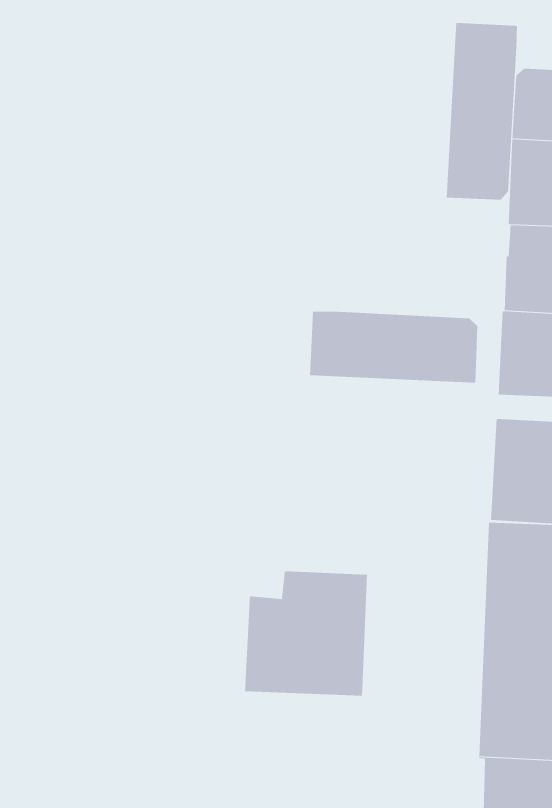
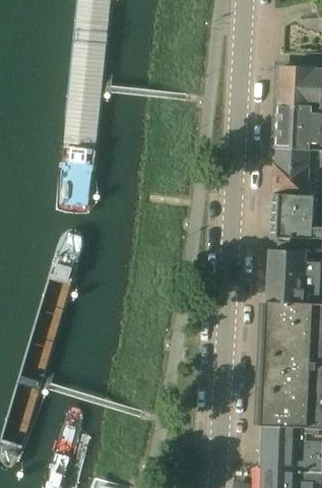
building: [446,22,517,201] -> none
building: [310,311,478,383] -> none
building: [245,570,367,697] -> none

